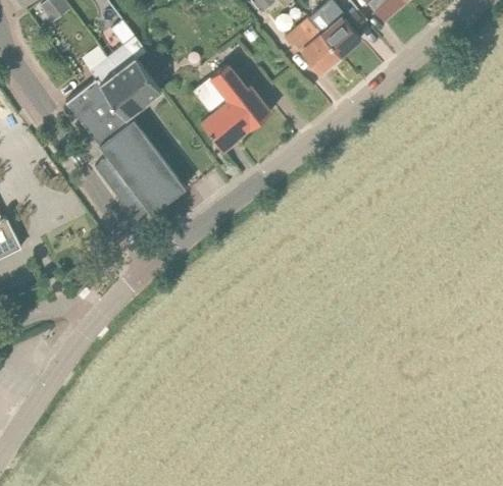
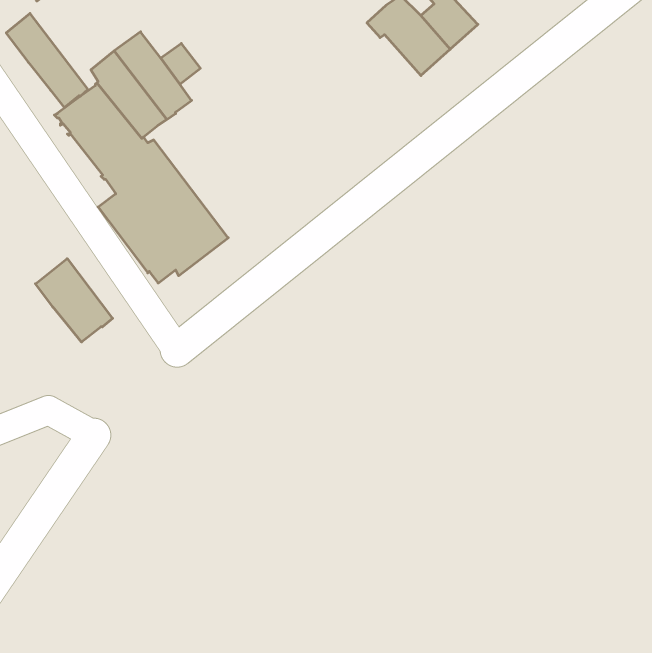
building: none -> [6,13,88,107]
building: [193,66,270,149] -> none
building: none -> [35,259,113,342]

